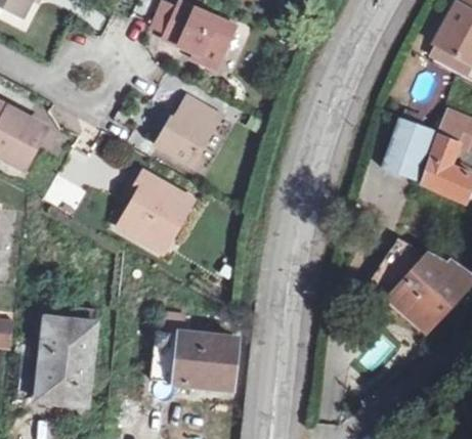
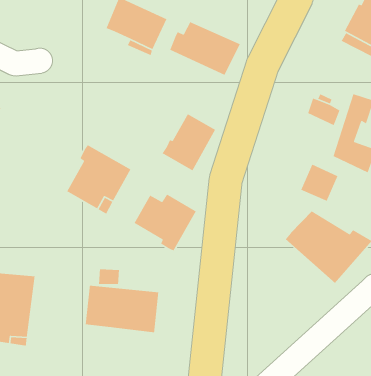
building: none -> [169,21,241,76]
building: [159,97,221,164] -> [162,113,216,172]
building: [383,135,427,179] -> [300,163,339,202]
building: none -> [133,193,197,251]

